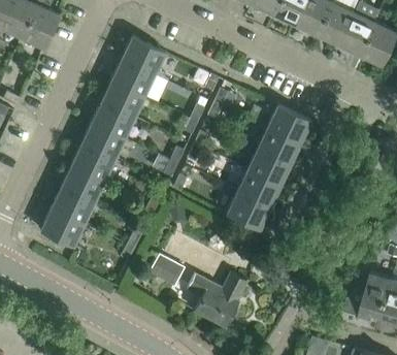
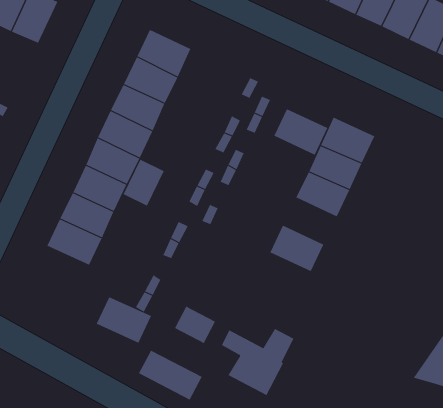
building: none -> [123,159,164,206]
building: [237,170,280,207] -> [273,108,328,155]
building: [40,208,85,246] -> [96,296,152,343]
building: none -> [138,350,202,400]

